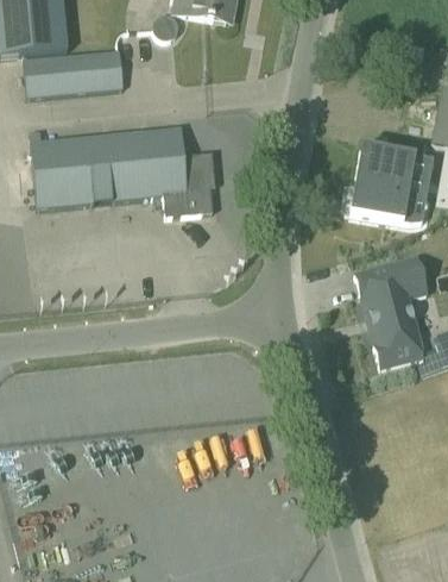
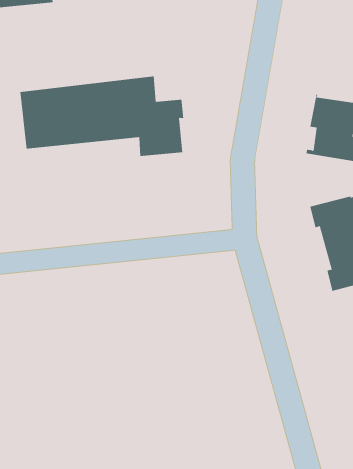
building: [23,49,120,96] -> none

